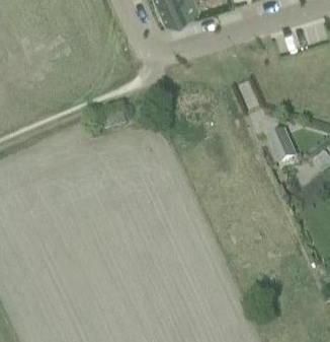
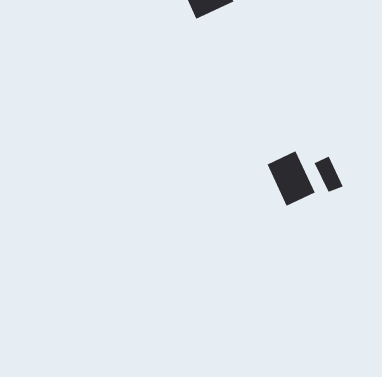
building: none -> [266,150,316,207]

